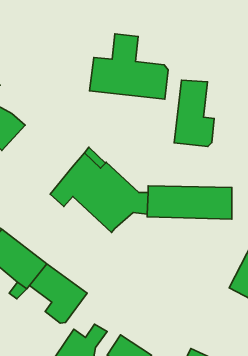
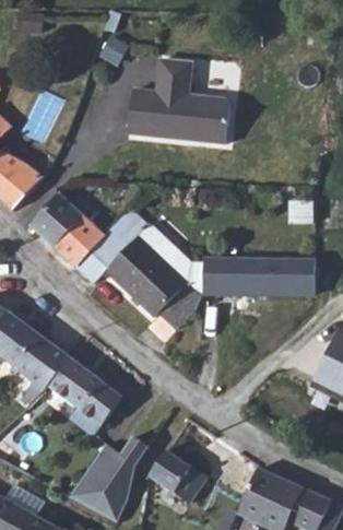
building: [174,80,214,147] -> none
building: none -> [28,191,104,267]
building: none -> [159,291,202,330]

